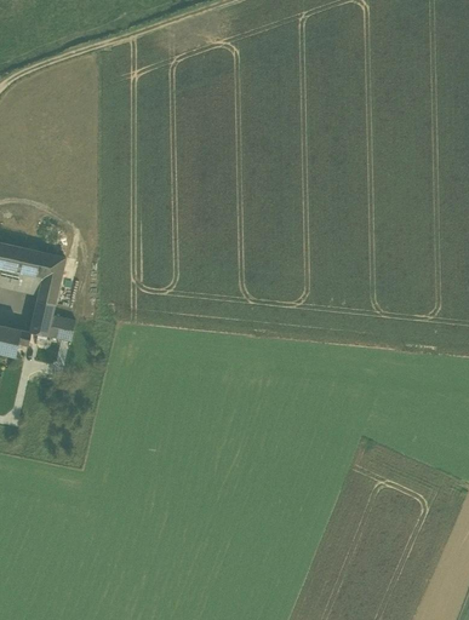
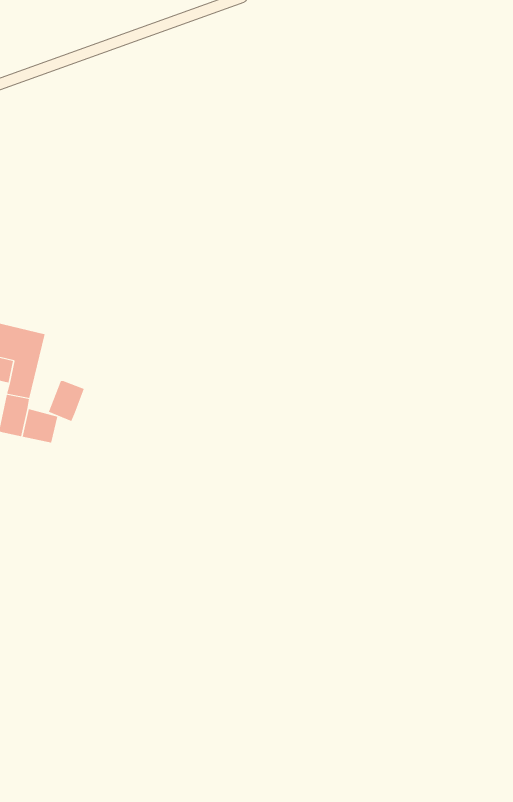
building: none -> [48,380,85,422]

